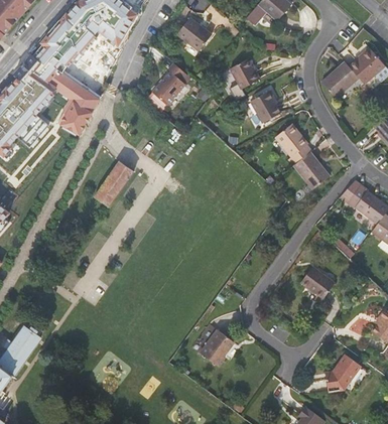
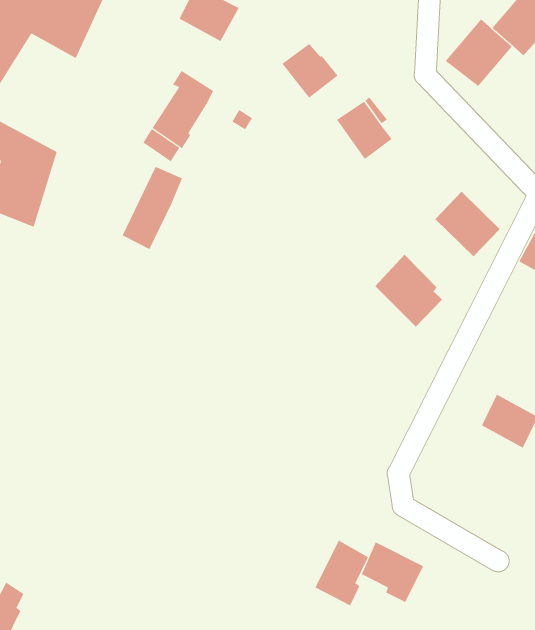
building: [279,124,315,165] -> [375,254,443,328]
building: [95,160,133,205] -> [122,166,183,250]
building: none -> [361,542,424,603]

